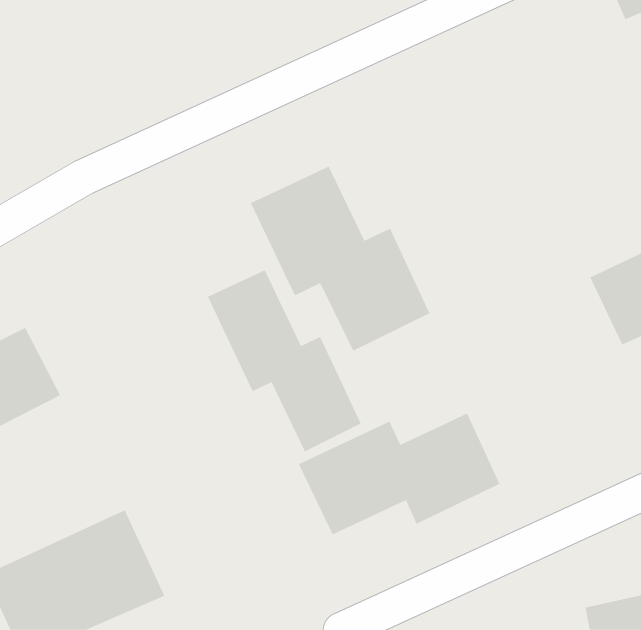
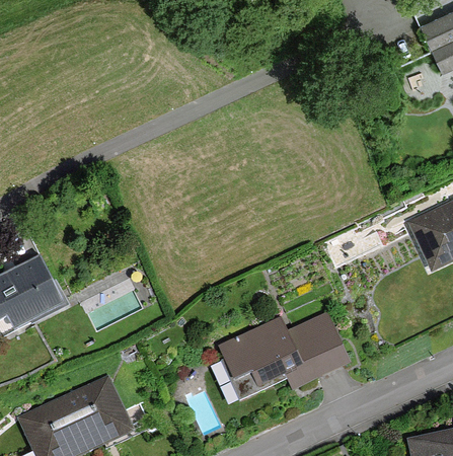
building: [250,166,431,352] -> none
building: [207,269,362,452] -> none

